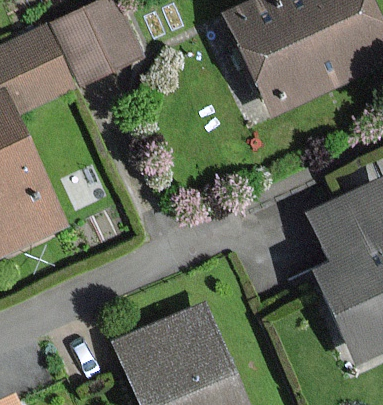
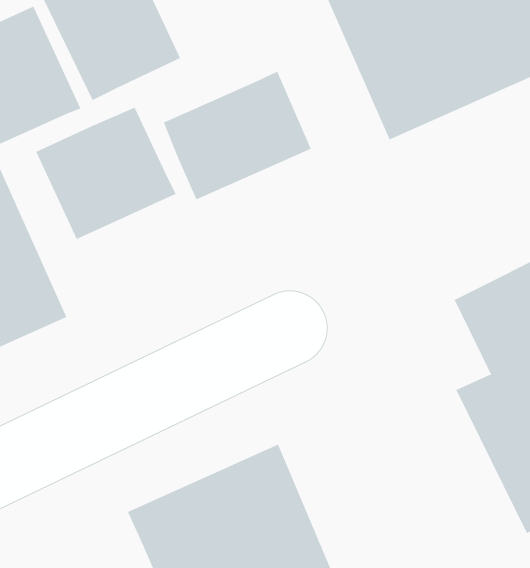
building: none -> [163,71,312,200]
building: none -> [36,107,177,240]

